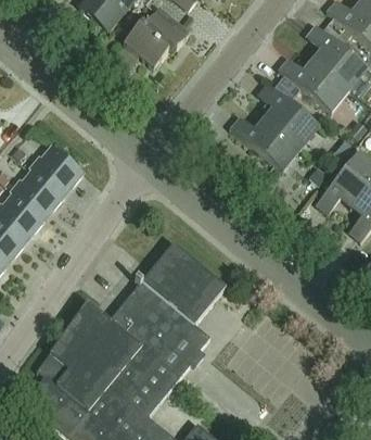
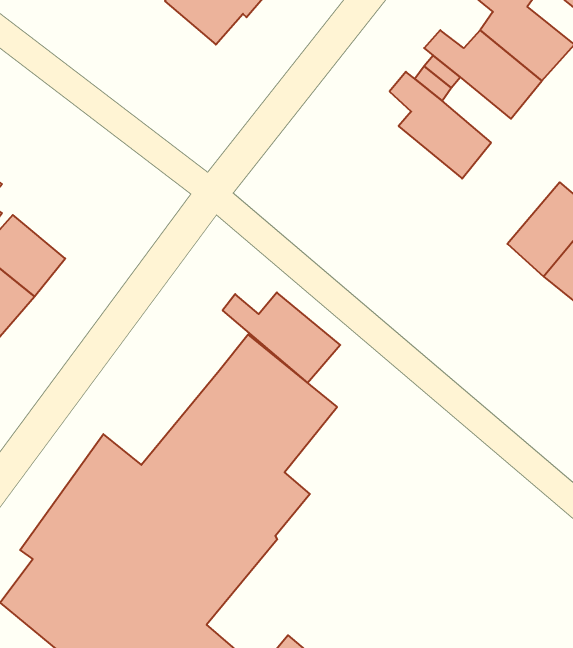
building: [230,116,300,171] -> [223,292,340,383]
building: [29,146,84,196] -> none

